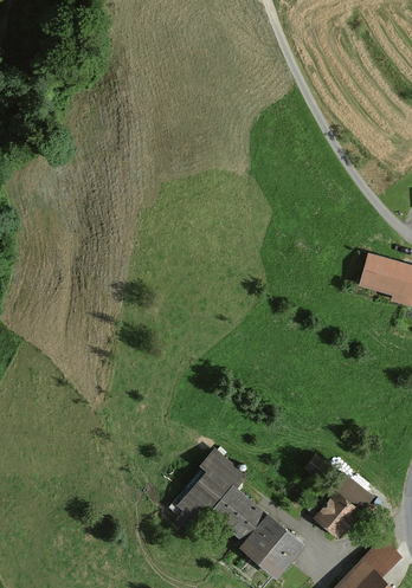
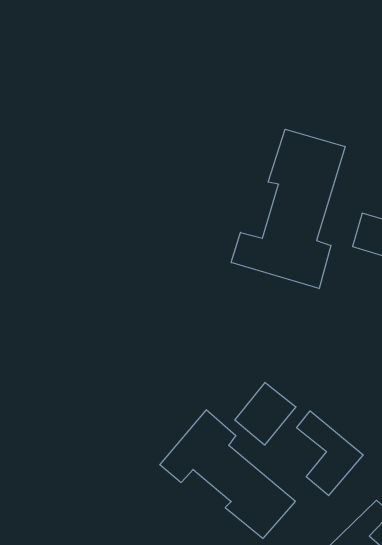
building: none -> [231,129,345,289]
building: none -> [235,382,296,445]

